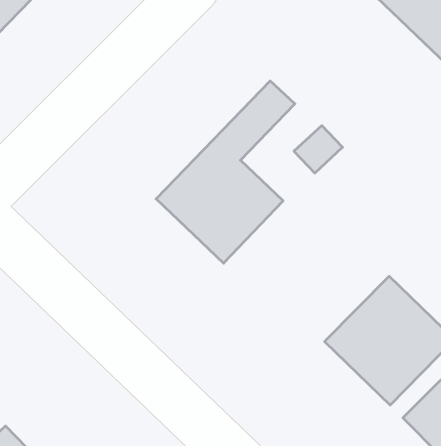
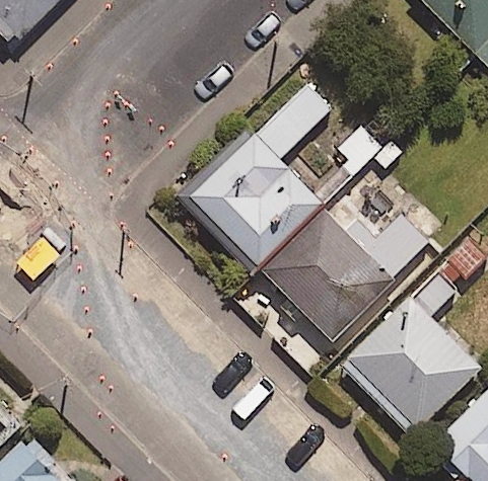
building: none -> [263,217,435,346]

